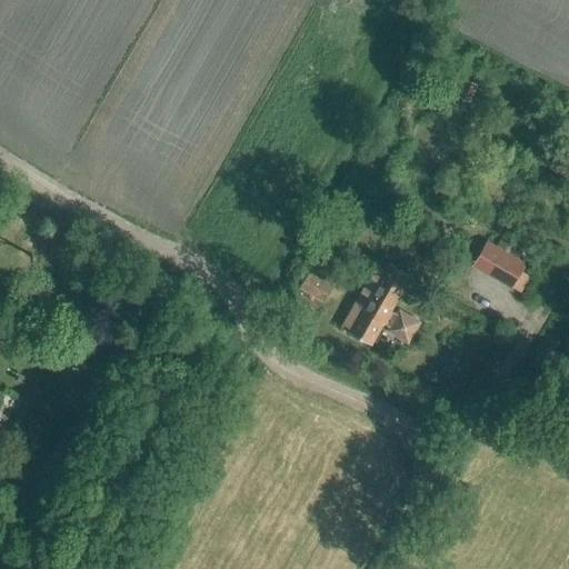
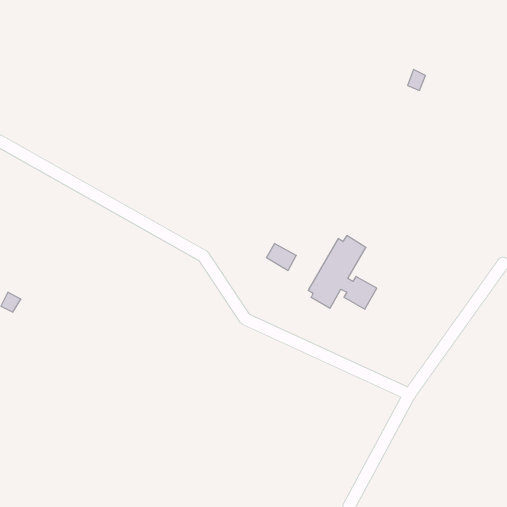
building: [471,239,529,293] -> none

